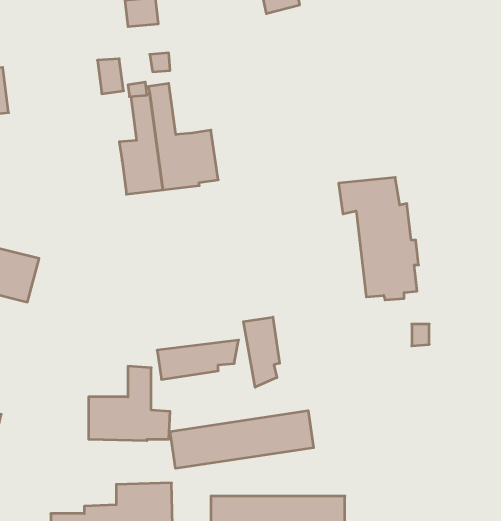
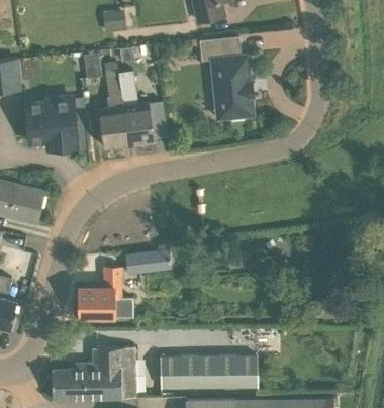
building: none -> [24,93,80,152]
building: [339,177,419,300] -> [199,36,255,121]
building: [243,317,280,387] -> none
building: [170,411,314,468] -> none

